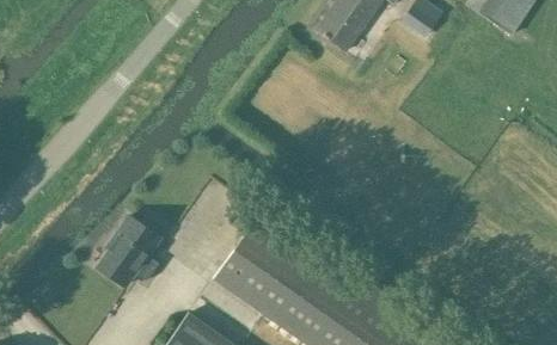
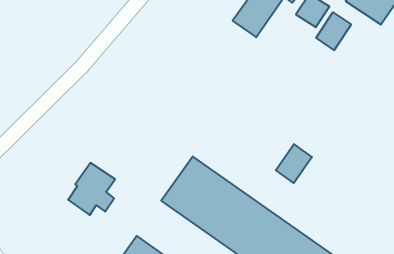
building: none -> [316,12,351,50]
building: none -> [276,144,312,183]

